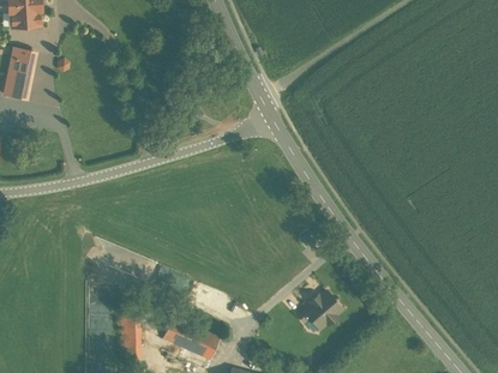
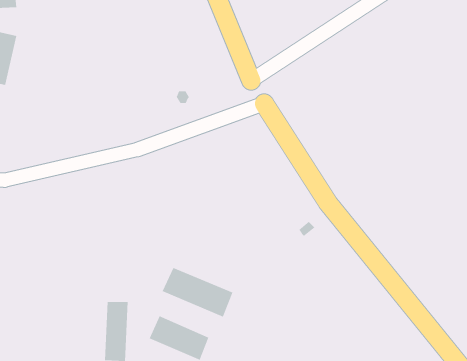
building: none -> [162,267,233,317]
building: [296,290,342,327] -> none

